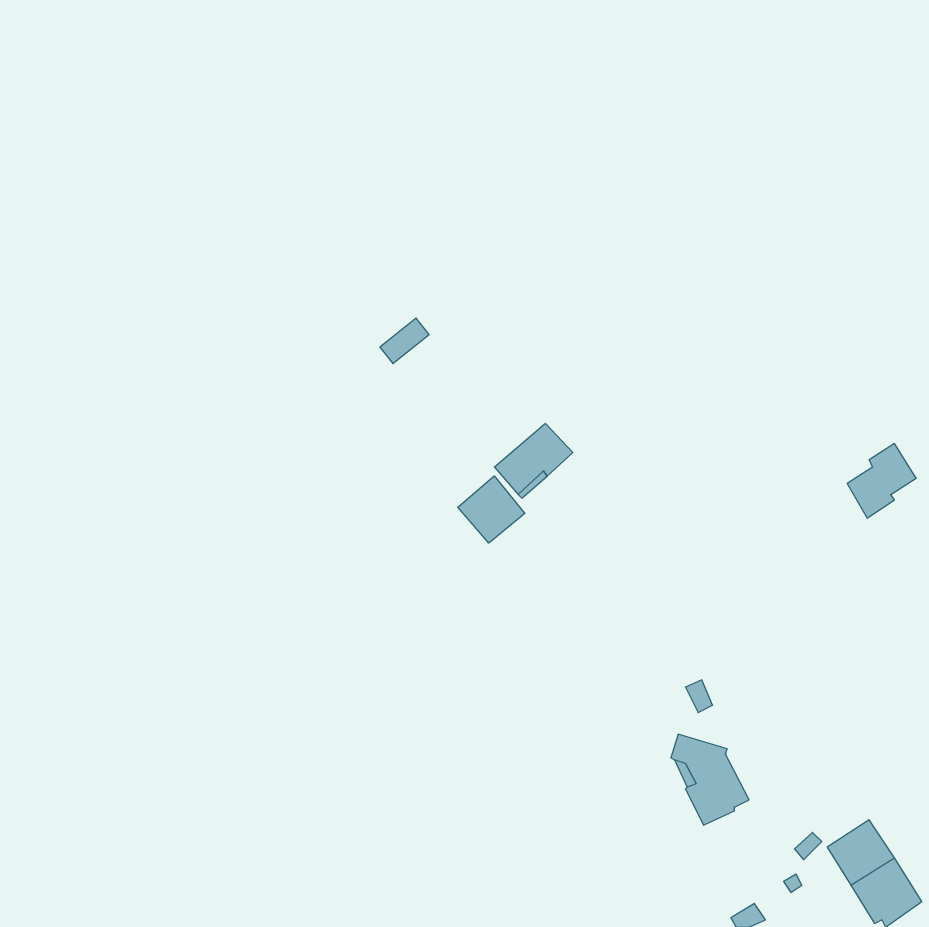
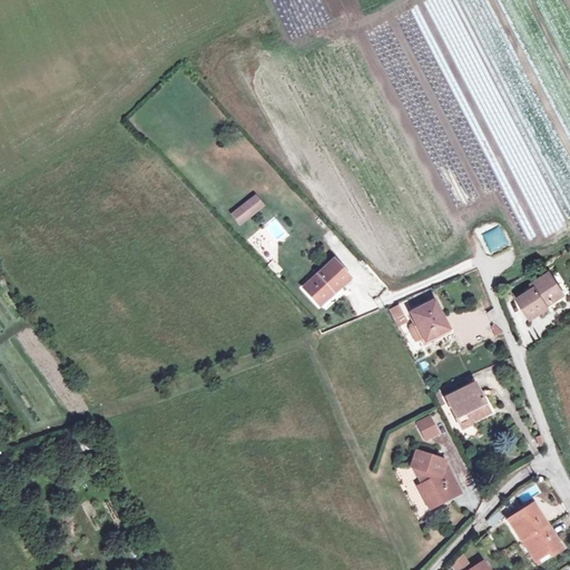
building: [458,476,525,543] -> none
building: none -> [410,299,450,342]
building: none -> [445,382,489,428]

